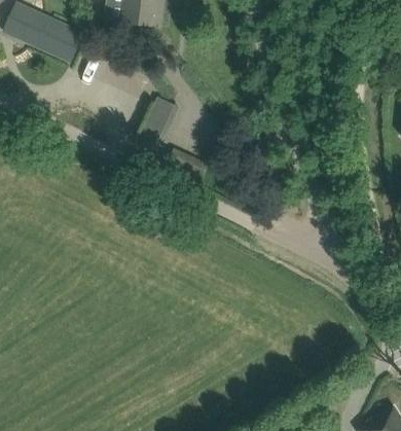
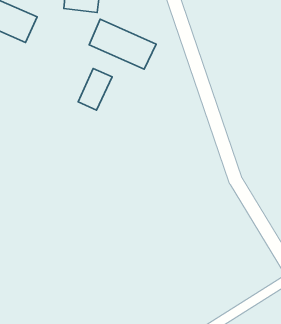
building: none -> [89,19,156,69]

